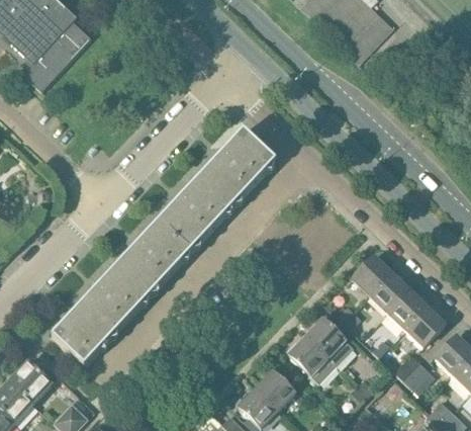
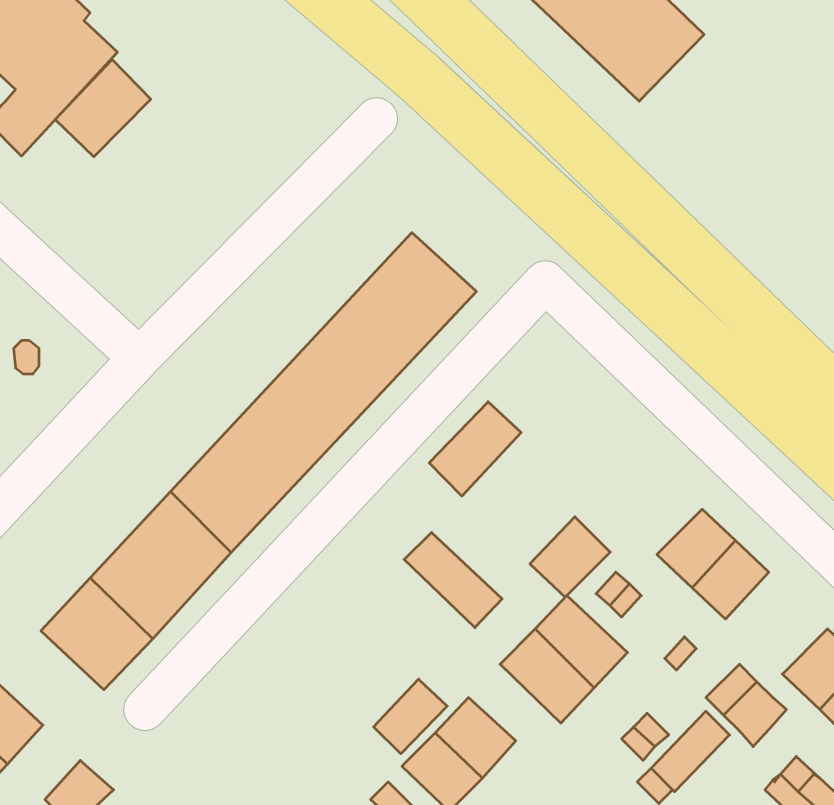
building: none -> [55,60,151,157]
building: none -> [429,402,521,496]
building: [350,254,391,295] -> [530,517,610,597]
building: none -> [404,532,502,628]
building: [403,305,445,347] -> none
building: none -> [374,679,447,754]

